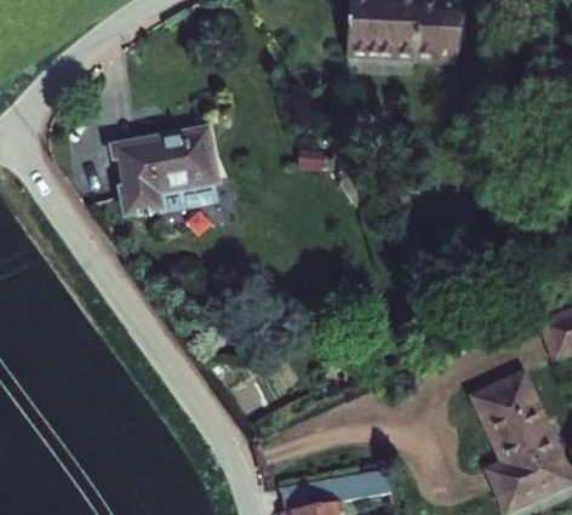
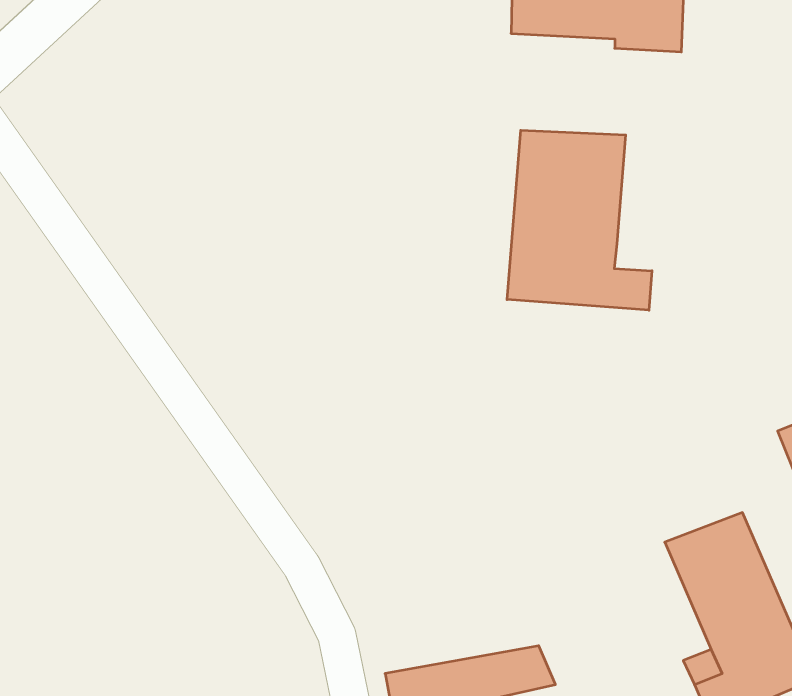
building: none -> [507,130,652,310]
building: [122,144,213,213] -> none

